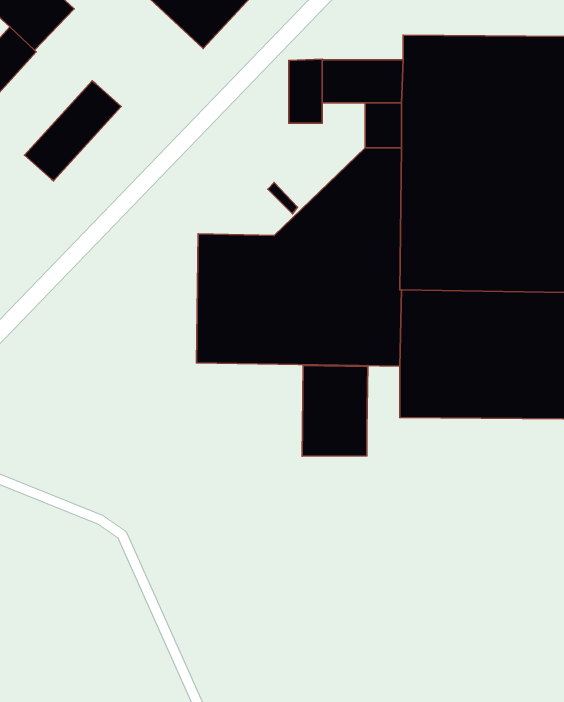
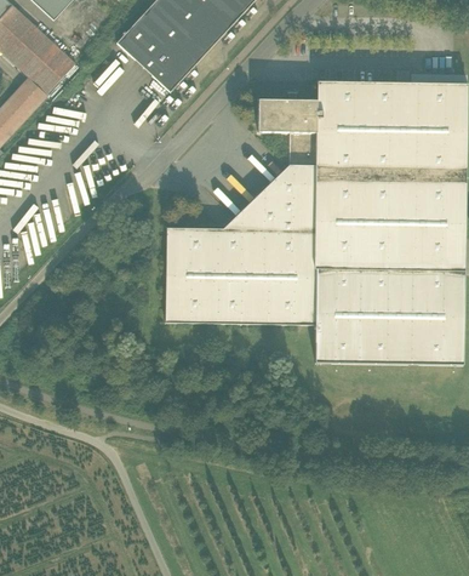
building: [289,59,322,123] -> none
building: [24,81,121,181] -> none
building: [302,366,368,456] -> none

